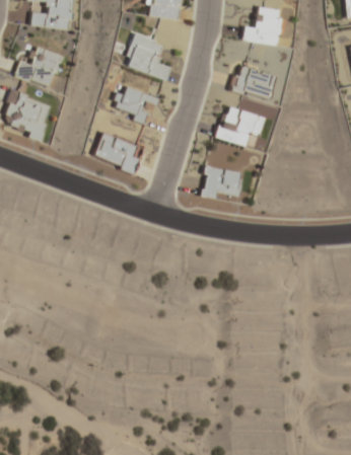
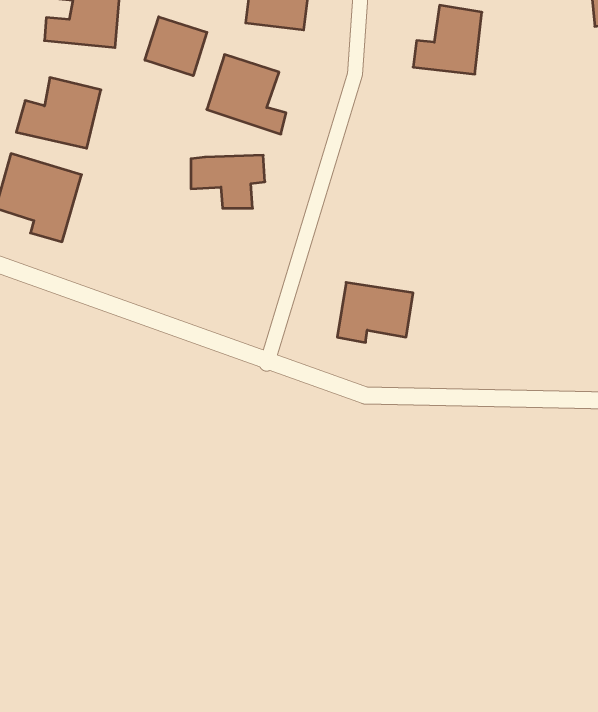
building: none -> [145,17,207,76]
building: [231,65,276,99] -> none
building: [215,104,265,147] -> none
building: [91,132,143,172] -> none

